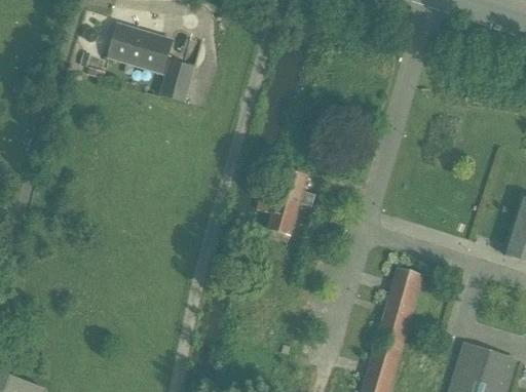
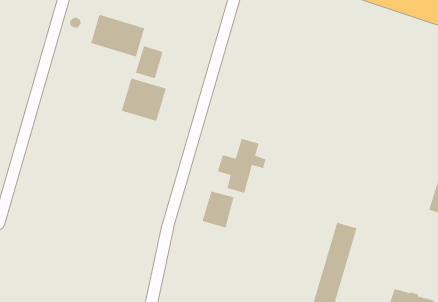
building: none -> [121,78,167,122]
building: none -> [202,190,235,229]

